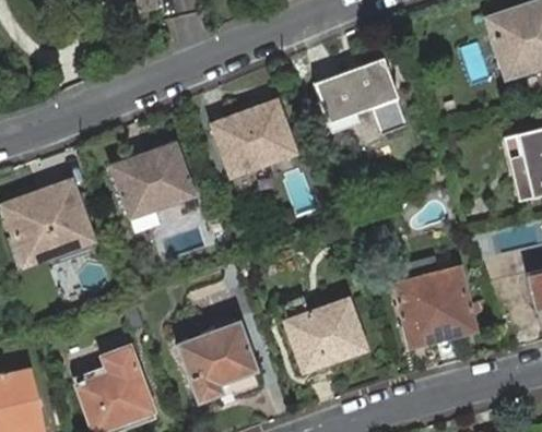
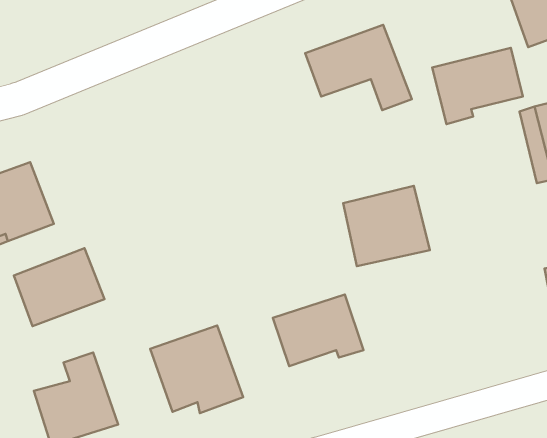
building: none -> [432,48,523,124]
building: [212,97,294,170] -> none
building: [113,142,192,211] -> [14,248,104,326]
building: [394,268,471,339] -> [343,186,430,266]

